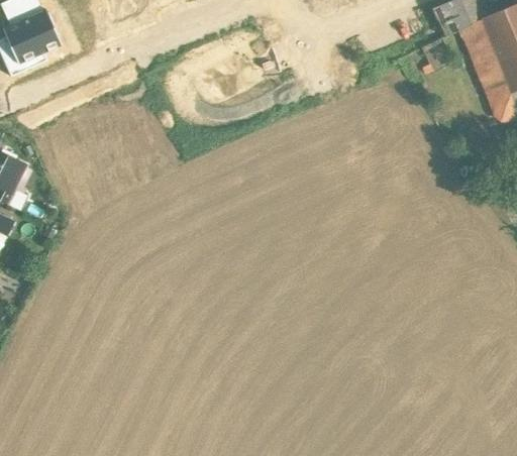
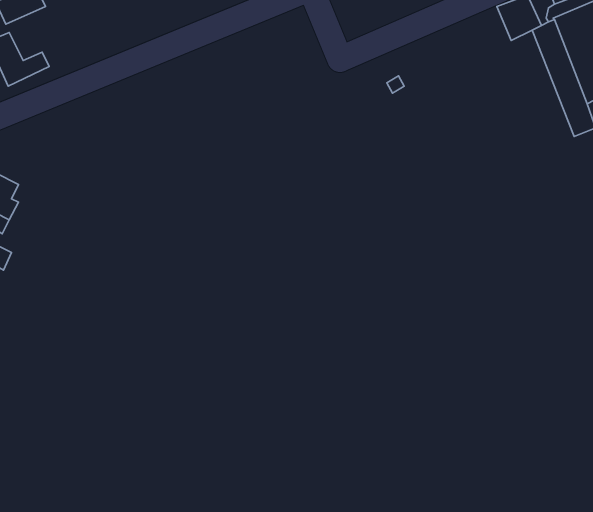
building: [9,8,58,54] -> none

